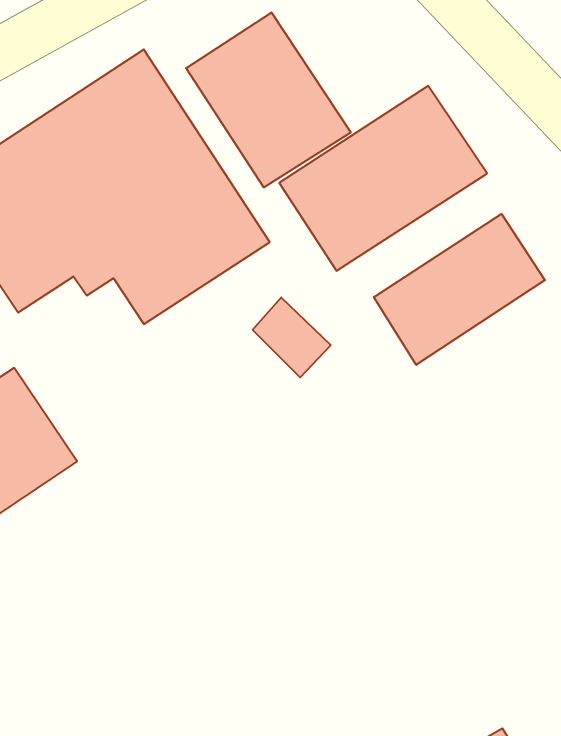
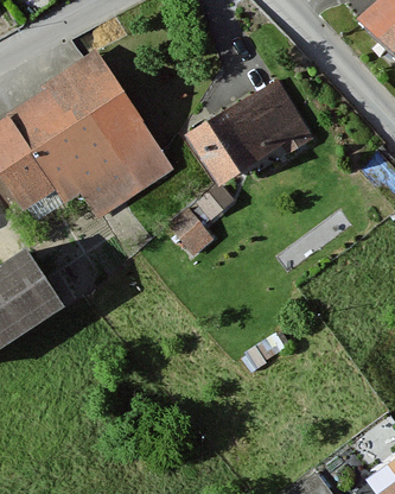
building: [186,12,351,188] -> none
building: [374,214,545,365] -> none

